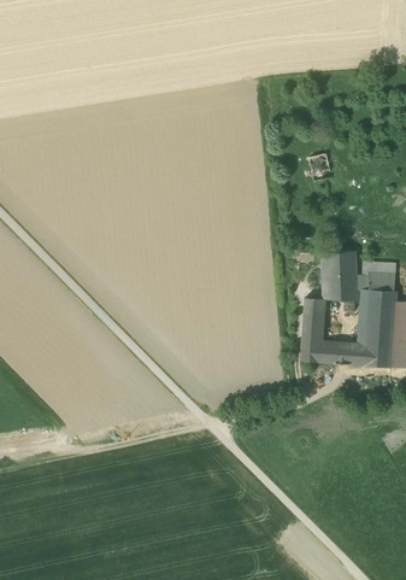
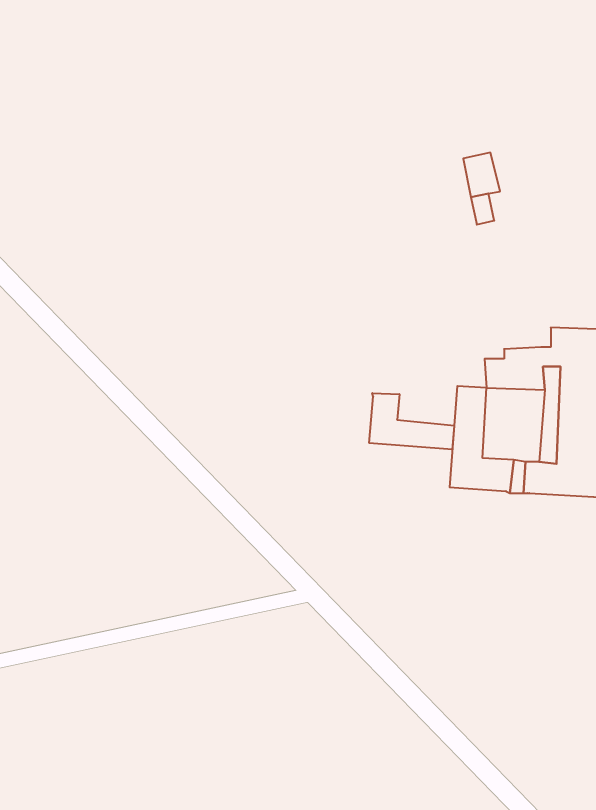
building: [320,251,357,281] -> none
building: none -> [369,393,454,449]

